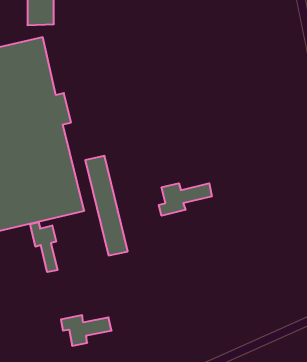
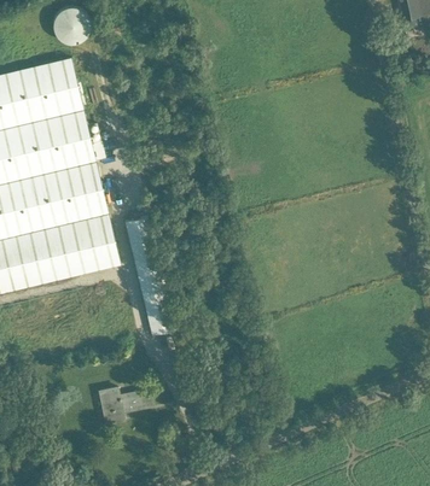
building: [159,183,212,216] -> none
building: [30,222,57,272] -> none

